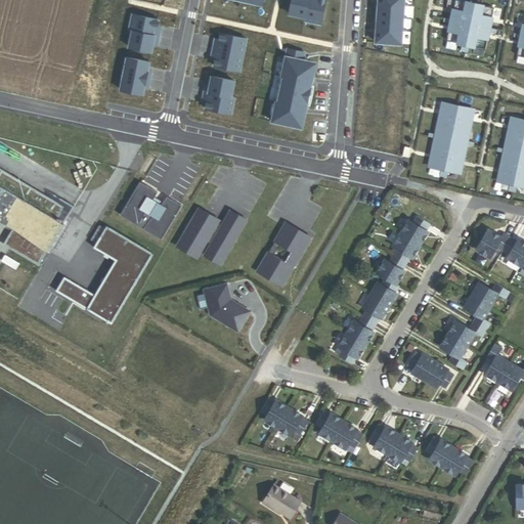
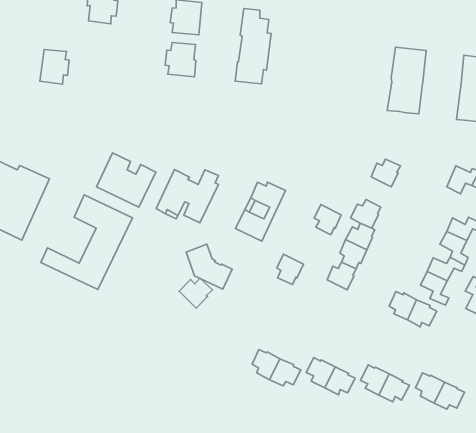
building: [119,59,150,96] -> [40,49,69,84]
building: [392,232,420,264] -> [314,205,341,235]
building: none -> [179,278,212,308]
building: [338,333,365,364] -> [277,254,304,284]

